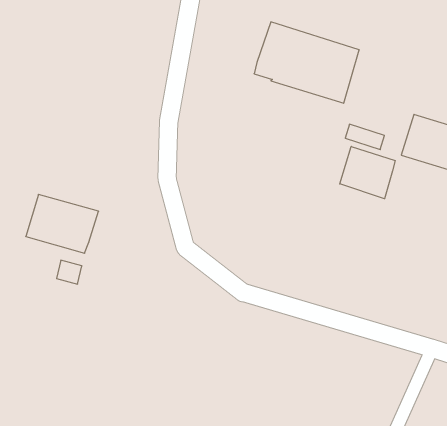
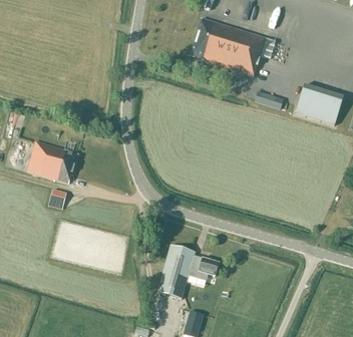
building: [340,146,395,199] -> none
building: none -> [157,246,218,300]

